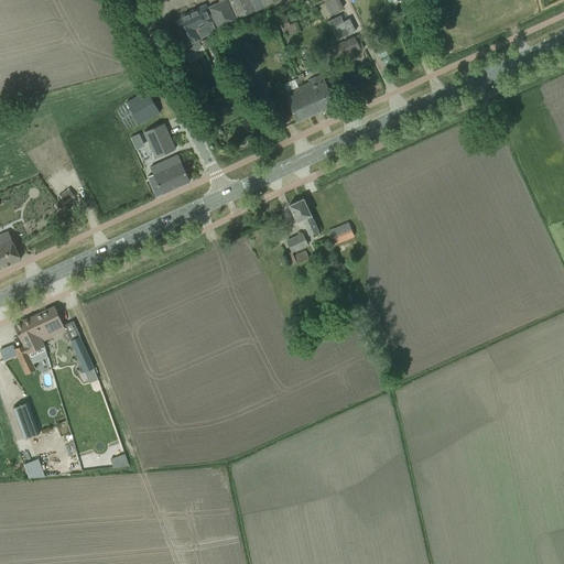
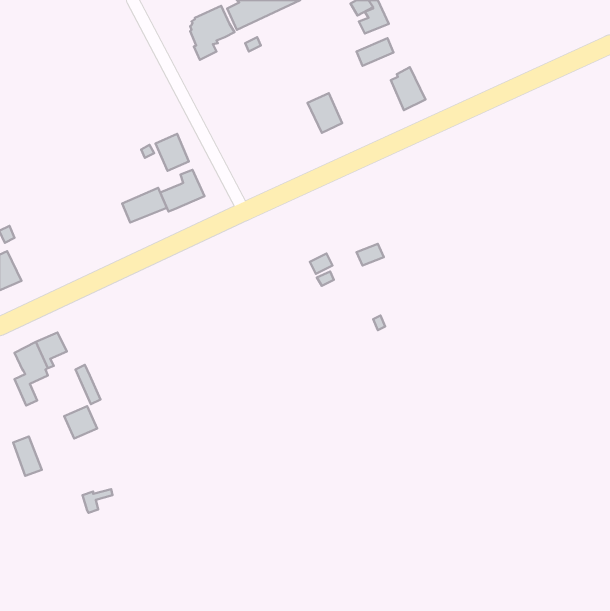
building: [303,74,335,113] -> [391,67,425,110]
building: [127,91,158,124] -> none
building: none -> [122,188,167,222]
building: [288,198,317,235] -> none
building: none -> [64,406,97,438]

